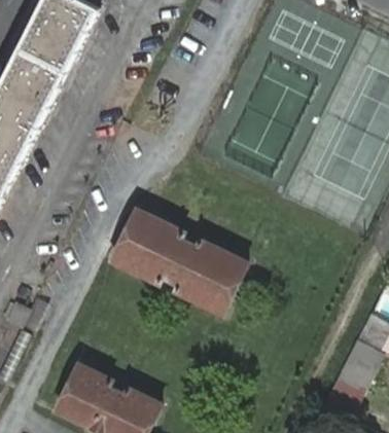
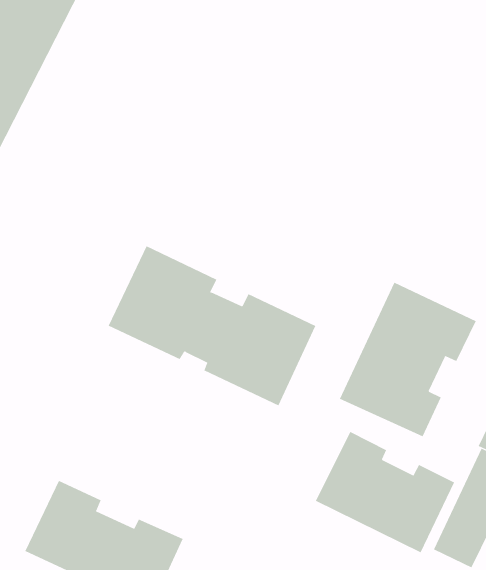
building: none -> [339,282,477,437]
building: none -> [315,431,455,553]

